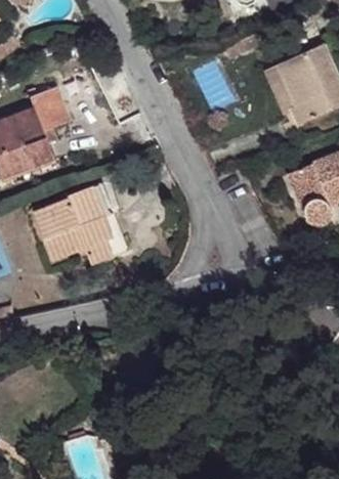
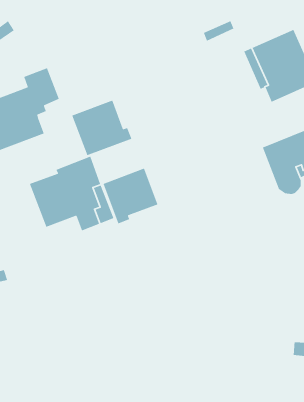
building: none -> [71,99,132,156]
building: none -> [102,167,159,224]

